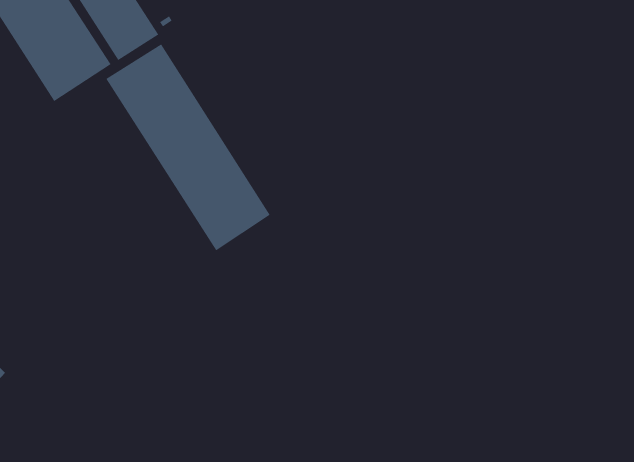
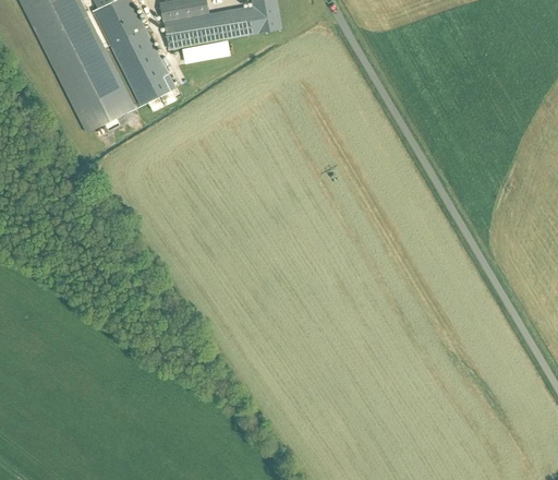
building: [106,43,270,251] -> none

